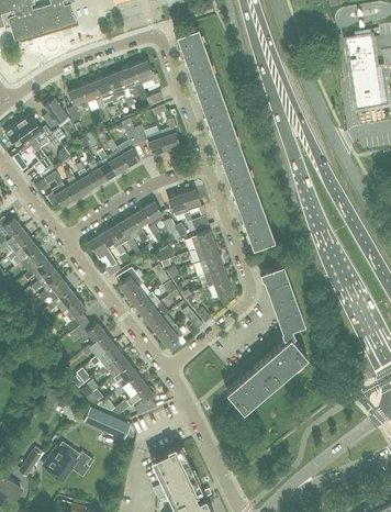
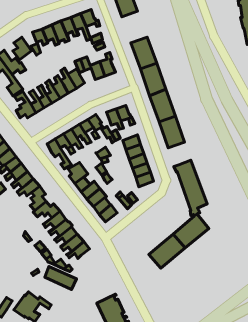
building: [189,63,223,105] -> none
building: [125,383,156,414] -> none

